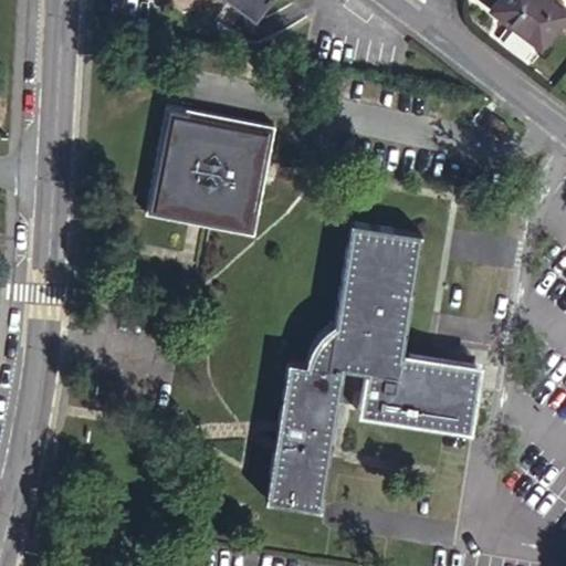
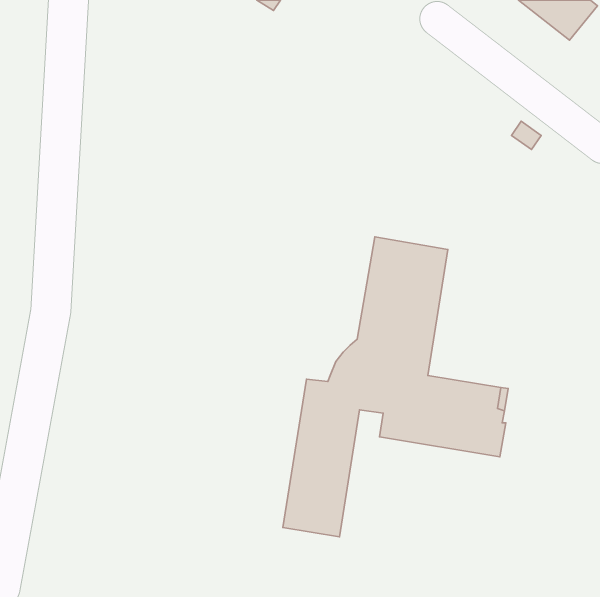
building: [148,107,275,238] -> none

